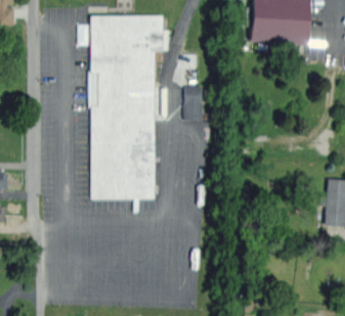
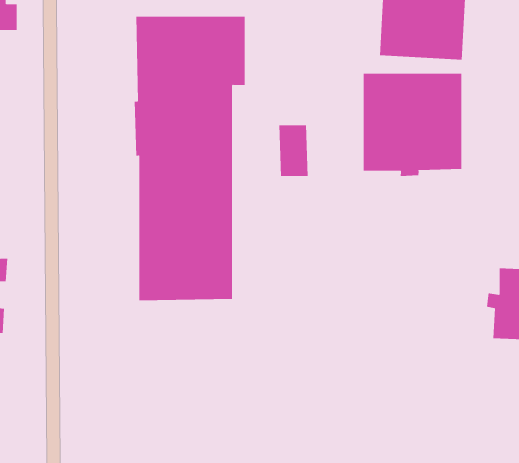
building: none -> [363,73,462,177]

